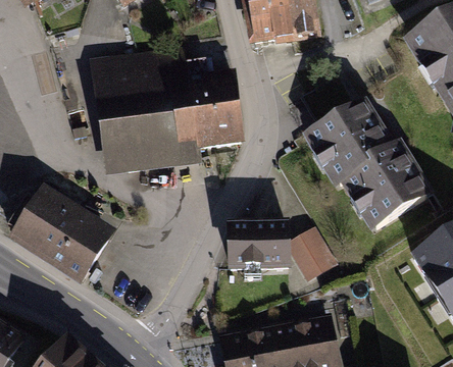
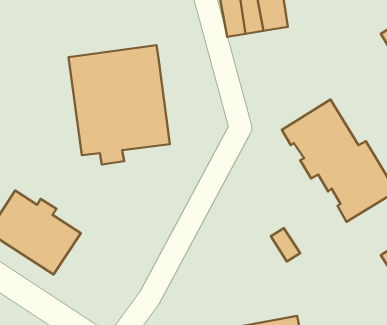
building: [186,58,241,148] -> none
building: [230,225,288,267] -> none

